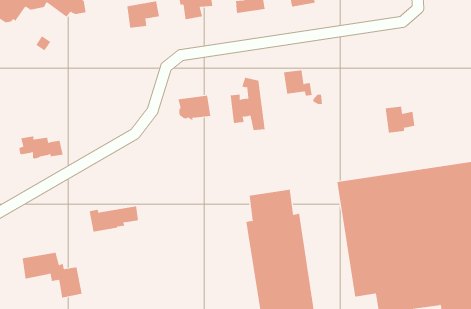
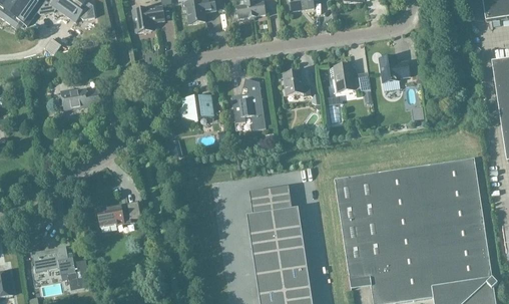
building: none -> [329,63,361,90]
building: [385,106,415,133] -> [380,55,409,81]
building: [18,136,63,159] -> [58,86,101,108]

